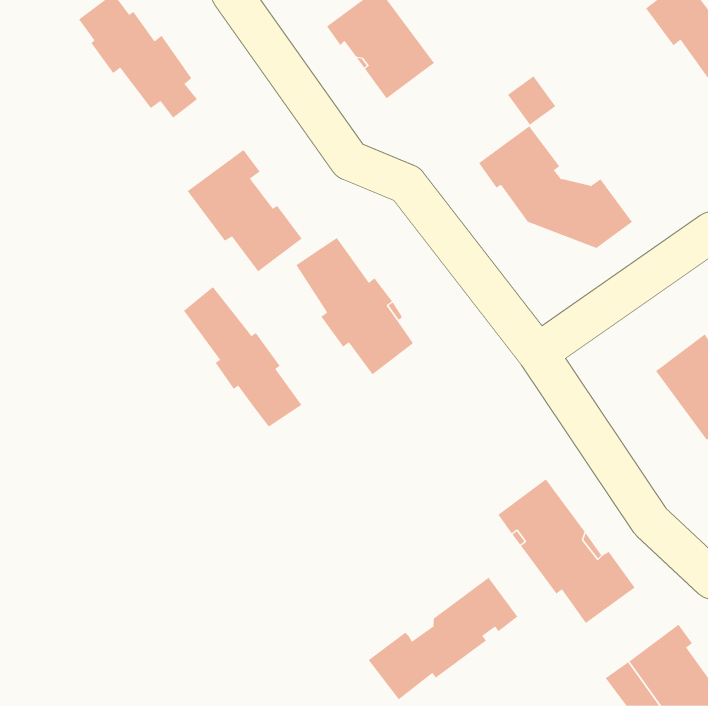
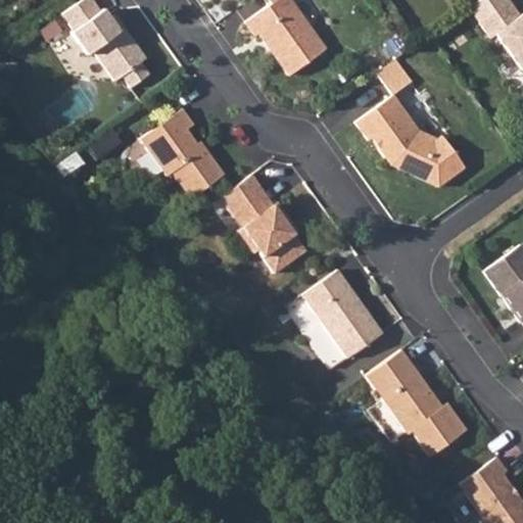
building: [183,286,302,428] -> none
building: none -> [304,270,385,358]
building: [368,577,518,700] -> none

